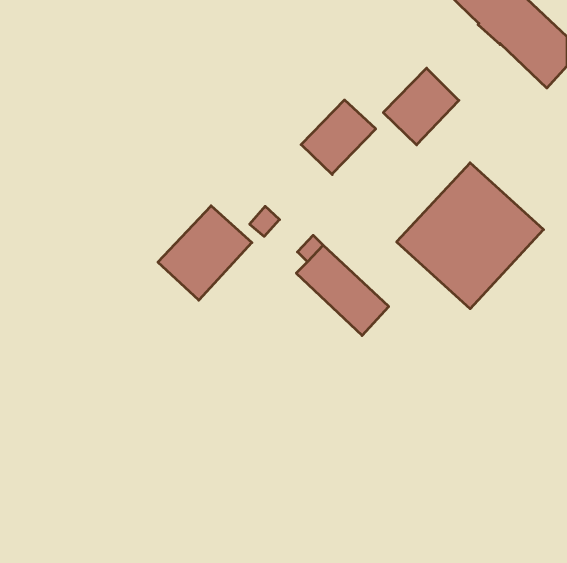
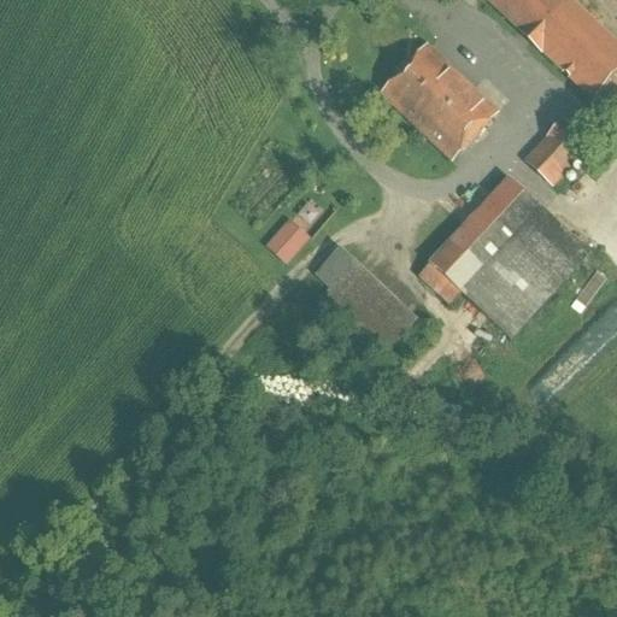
building: [301,100,376,175] -> [381,42,462,123]
building: none -> [525,118,588,181]
building: [158,206,252,300] -> none

